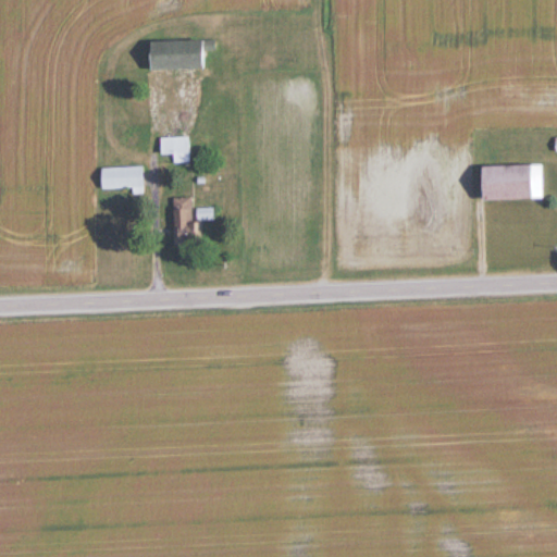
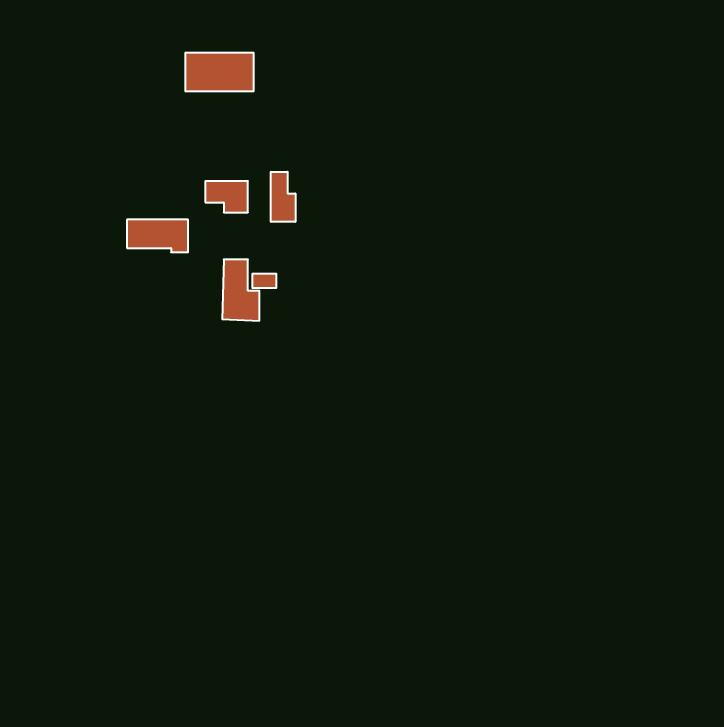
building: none -> [271,172,295,222]
building: [476,164,545,200] -> none

